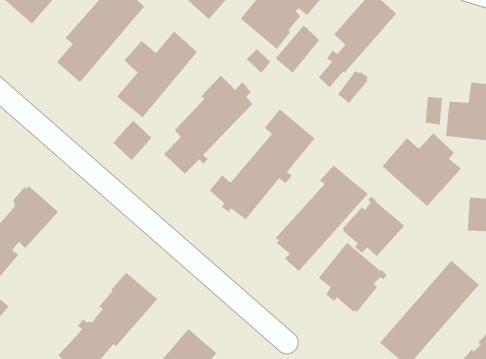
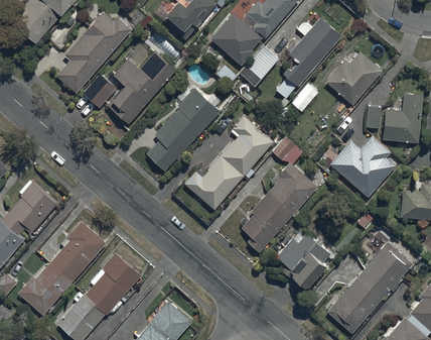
building: none -> [325,51,382,106]
building: [113,120,152,161] -> [83,75,116,109]
building: none -> [273,137,303,164]
building: [342,196,405,257] -> none
building: none -> [18,221,106,316]

